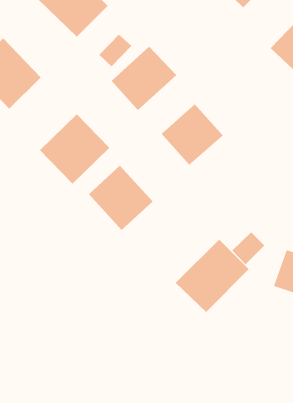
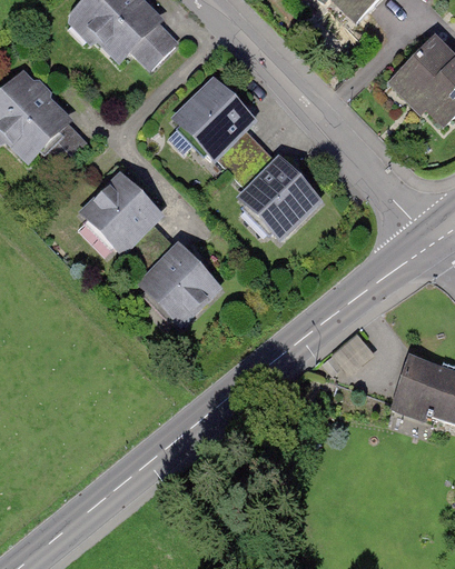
building: [99,34,132,67] -> [137,22,182,68]
building: [175,239,250,313] -> none

